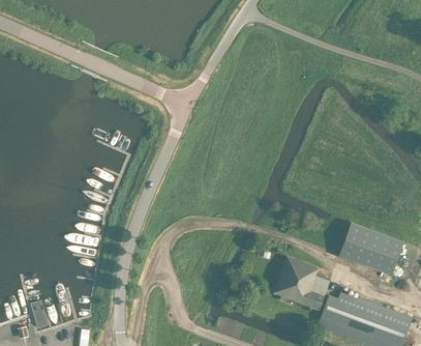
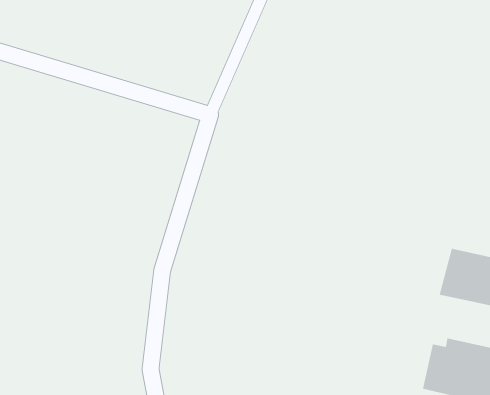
building: [273,256,330,310] -> none

